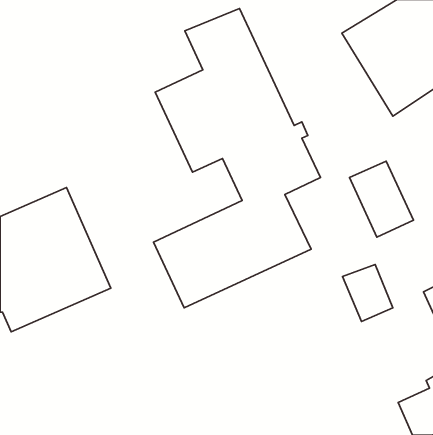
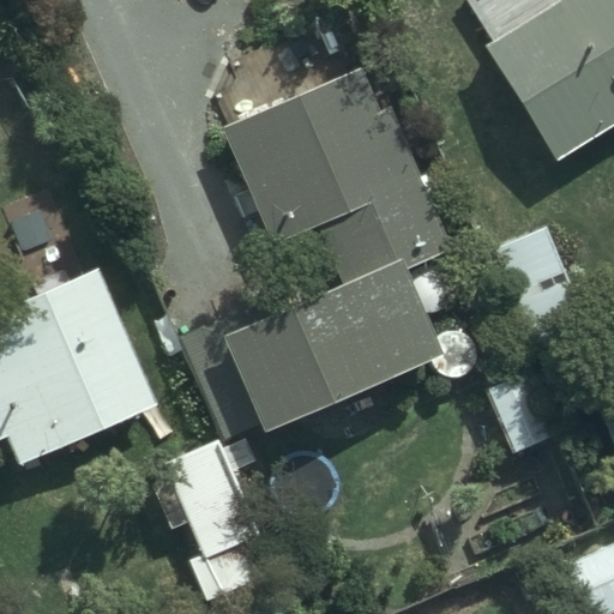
building: none -> [151,439,278,604]

